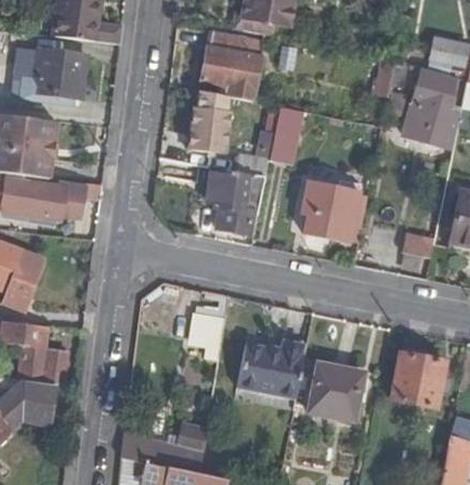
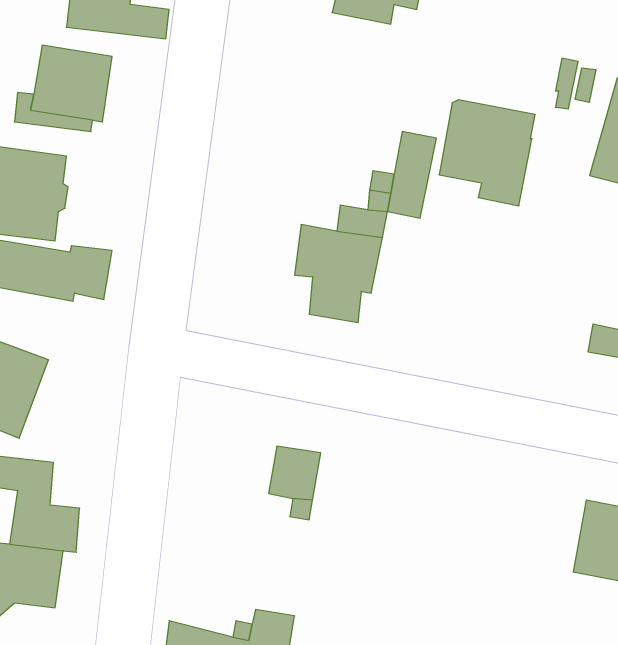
building: [200,30,264,101] -> [439,100,535,206]
building: [187,107,229,154] -> none
building: [304,191,357,241] -> none
building: [237,340,304,397] -> none
building: [310,362,364,420] -> none

